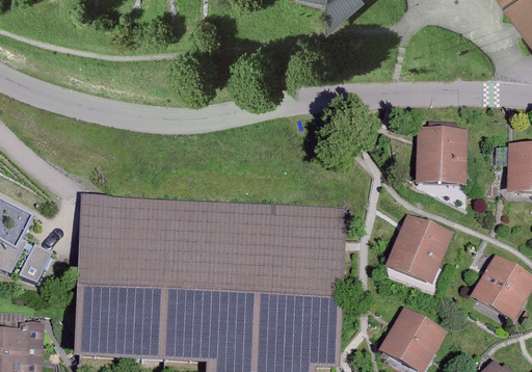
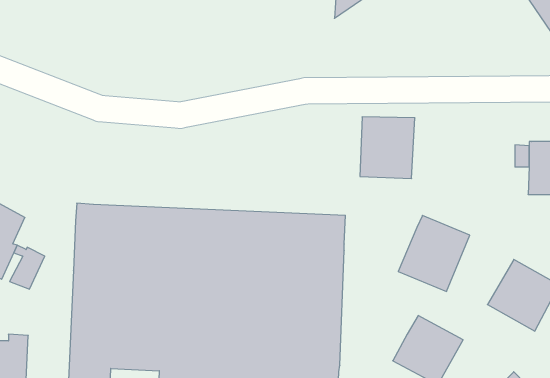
building: [417,127,469,185] -> [360,117,415,179]

